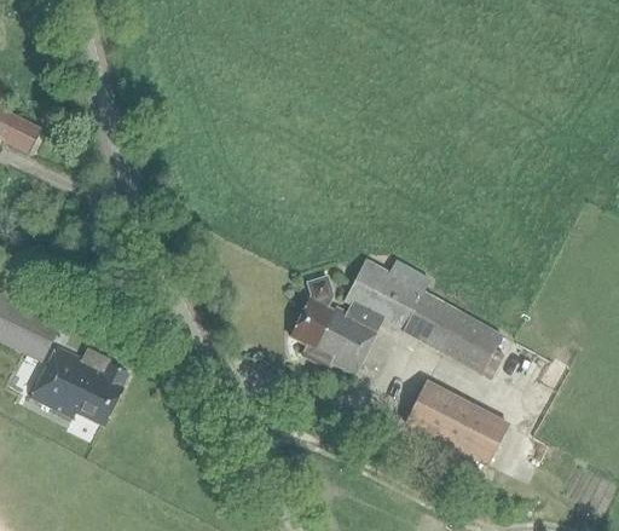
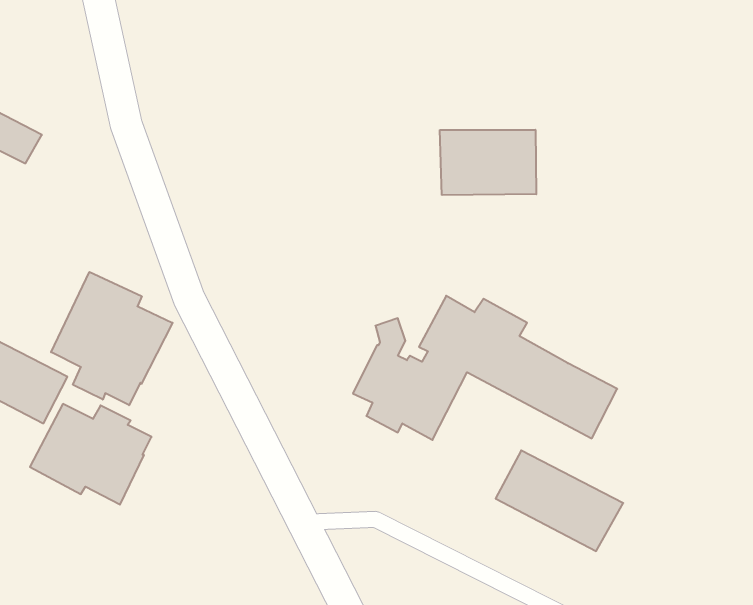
building: none -> [440,130,536,195]
building: none -> [51,272,173,405]

